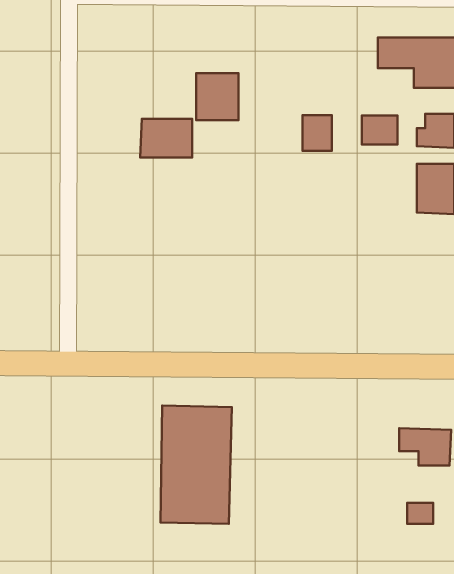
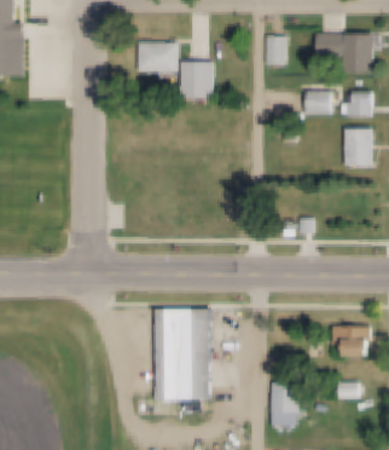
building: [303,115,332,151] -> [263,38,285,64]
building: [140,119,192,158] -> [140,42,179,71]
building: none -> [269,382,296,426]

